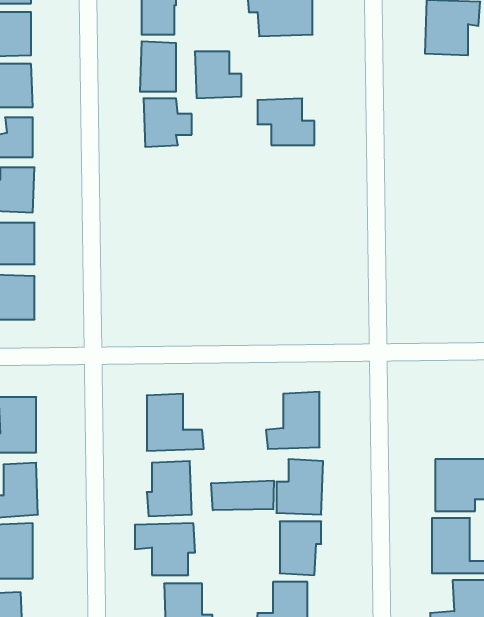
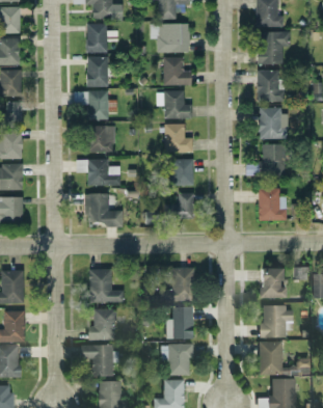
building: [195,52,241,98] -> [162,57,190,85]
building: none -> [257,70,284,102]
building: none -> [258,107,280,138]
building: none -> [163,124,192,152]
building: none -> [86,126,114,153]
building: none -> [260,143,285,173]
building: none -> [168,158,193,186]
building: none -> [76,159,119,185]
building: none -> [258,187,286,221]
building: none -> [164,192,193,218]
building: none -> [88,193,116,225]
building: none -> [261,268,288,299]
building: [211,481,274,510] -> none

